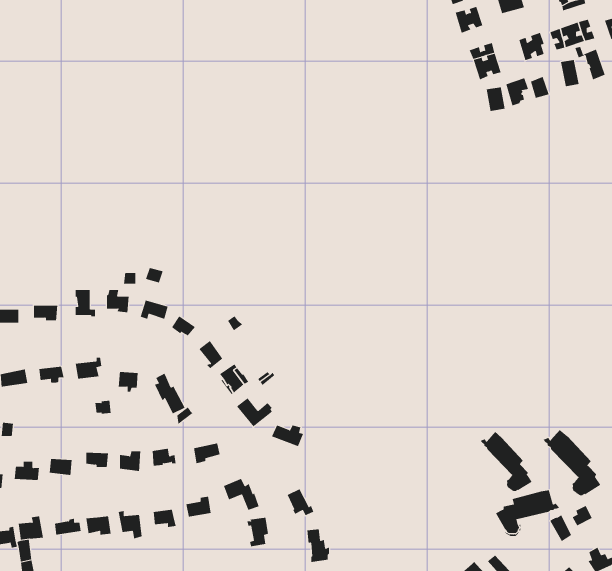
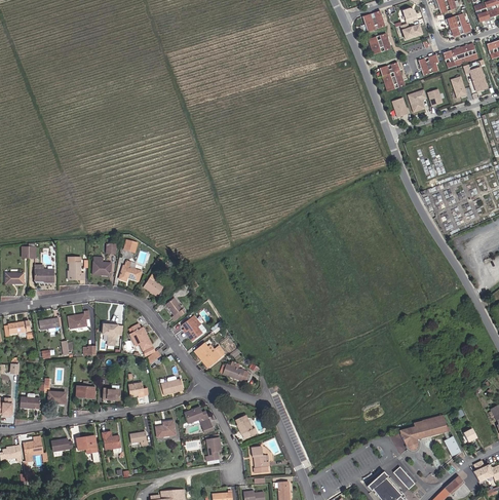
building: [543,429,601,496] -> none
building: [480,431,533,492] -> none

